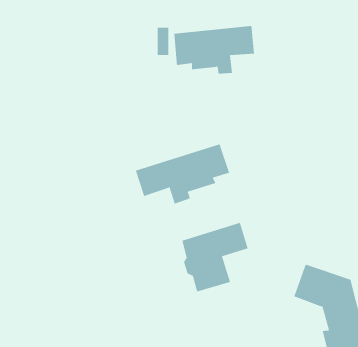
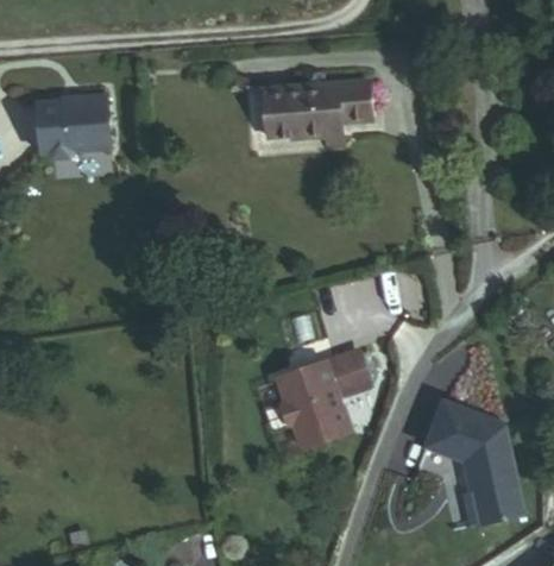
building: none -> [43,95,114,156]
building: [135,143,230,205] -> none

